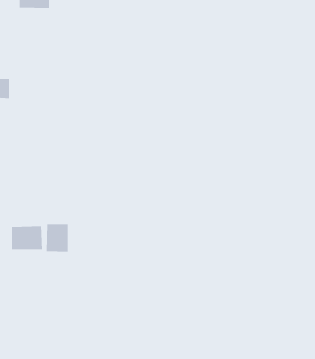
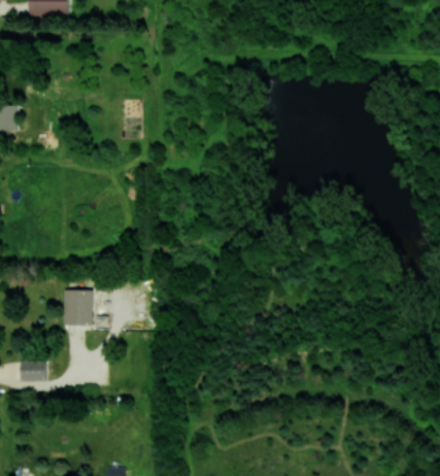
building: [12,226,43,250] -> none
building: none -> [20,361,46,381]

